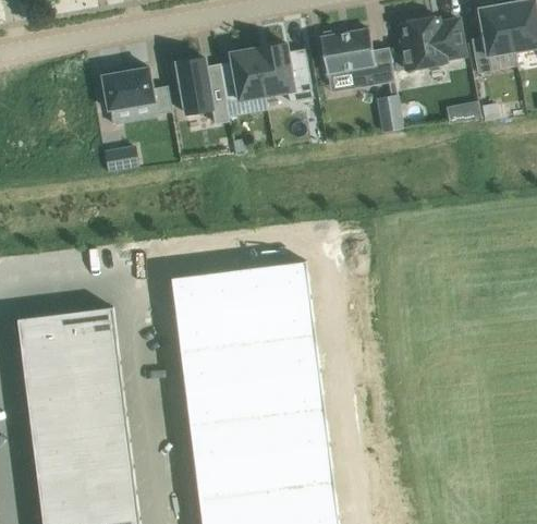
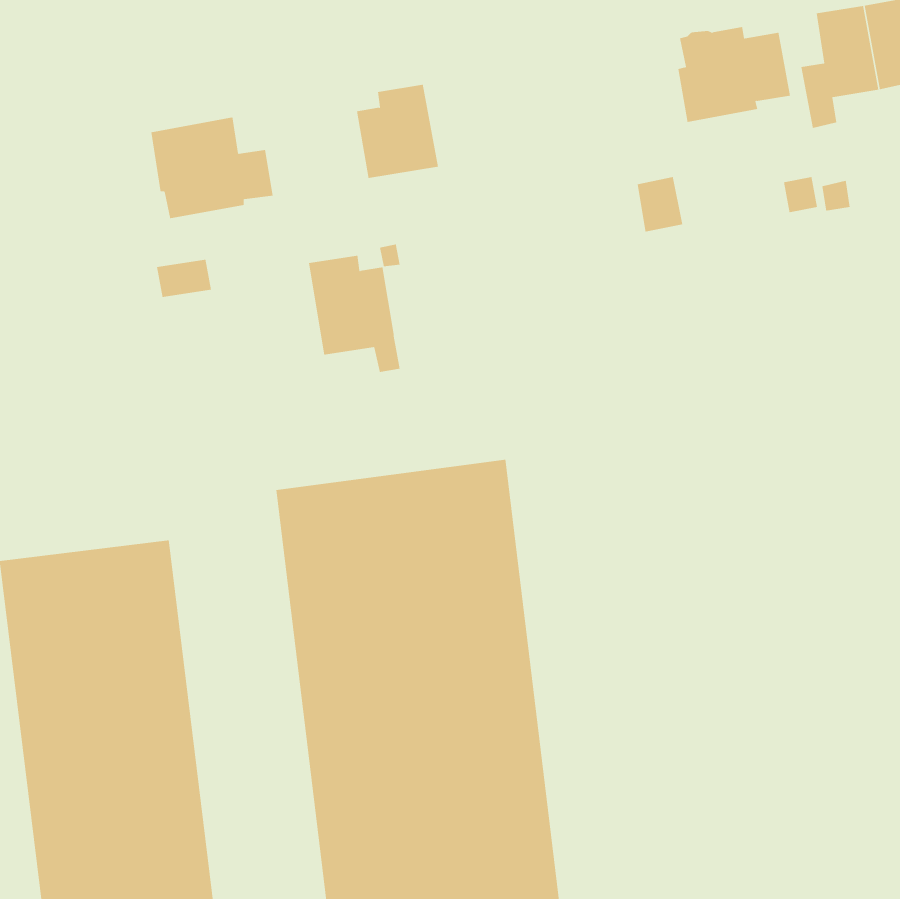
building: [319,29,393,88] -> none
building: [256,44,312,102] -> none
building: [175,58,228,124] -> [308,255,400,373]

